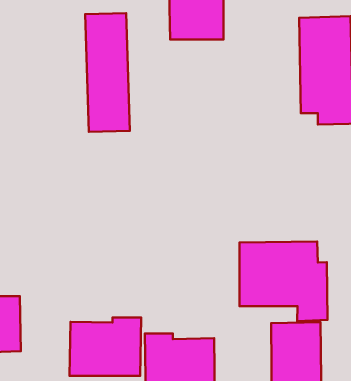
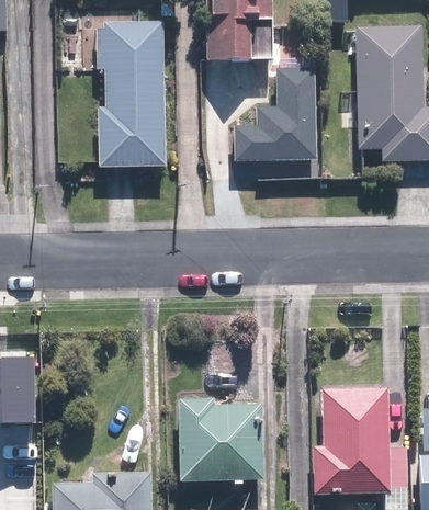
building: none -> [227,61,316,158]
building: [240,242,328,321] -> none
building: [70,318,141,376] -> none

